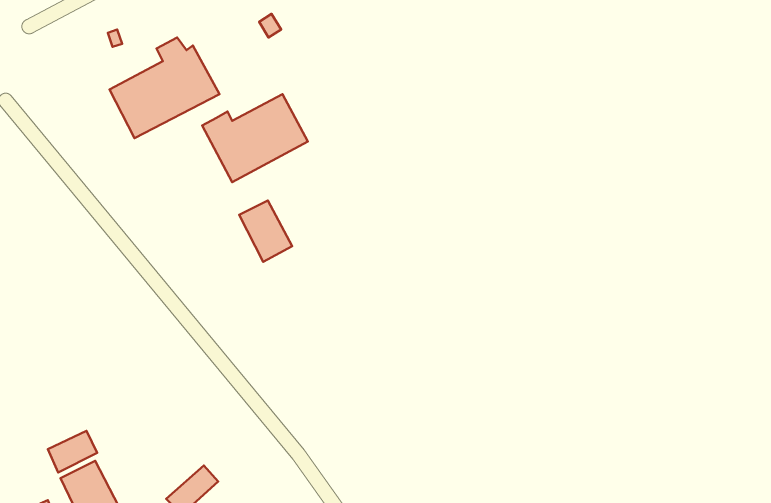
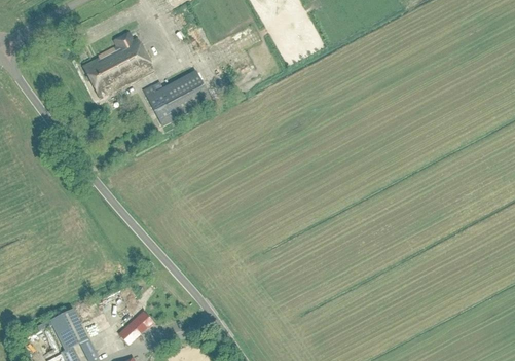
building: [239,200,292,262] -> none
building: [48,431,97,473] -> none

